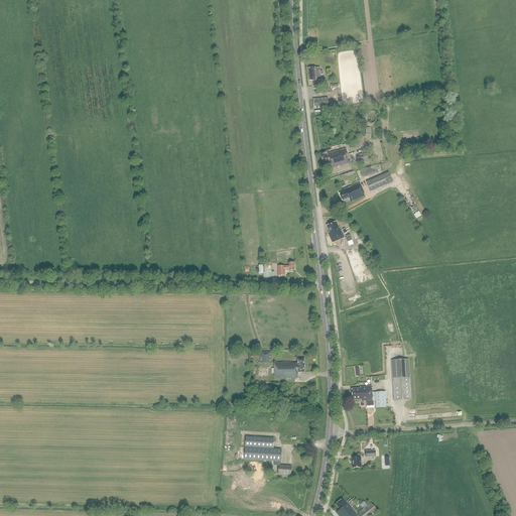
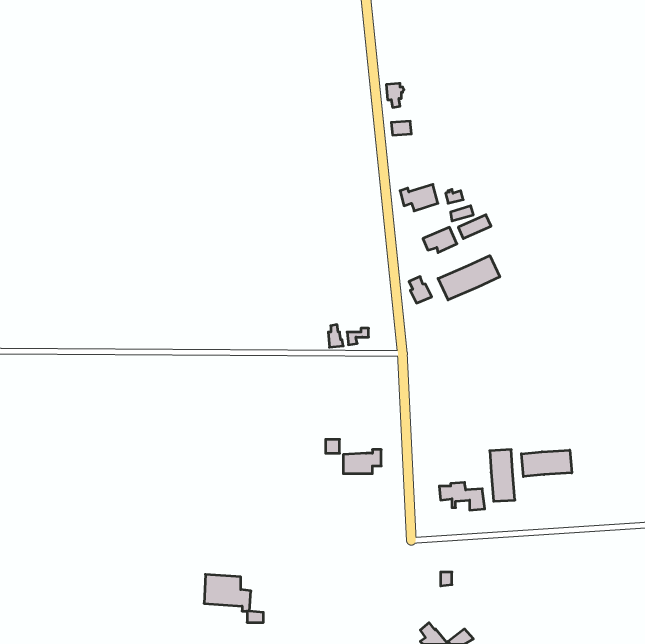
building: none -> [438,256,500,300]
building: none -> [521,450,572,477]
building: [244,435,291,474] -> [204,574,263,622]

